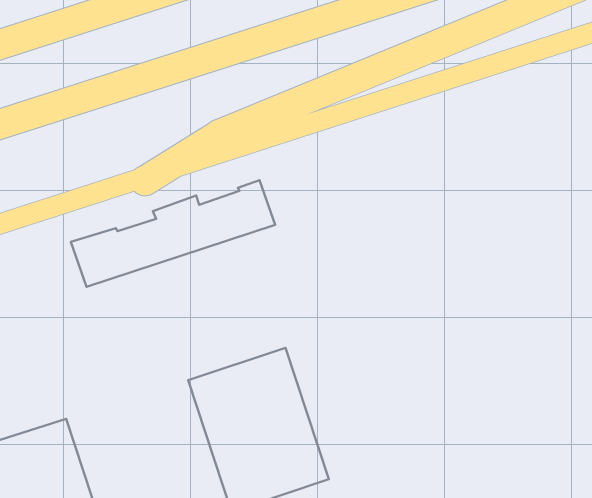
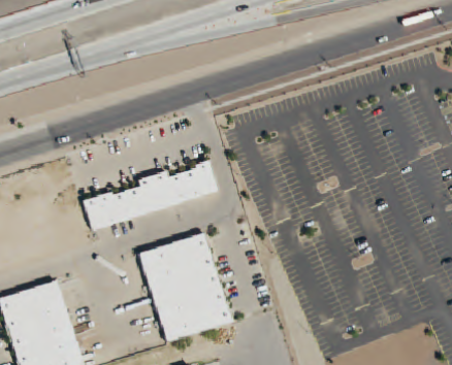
building: [71,180,275,287] -> [82,160,218,231]

